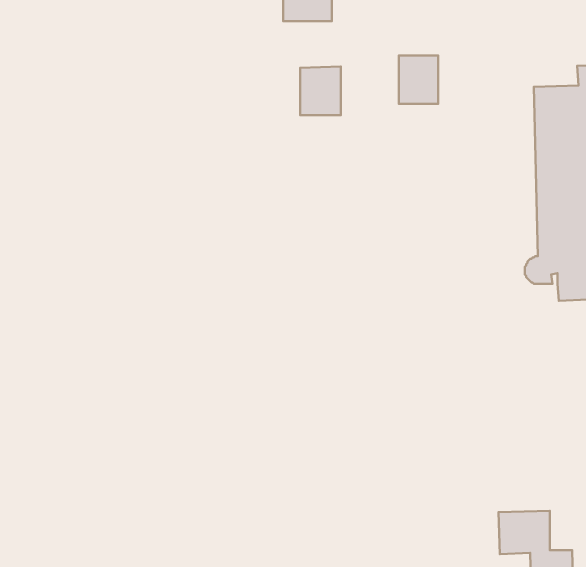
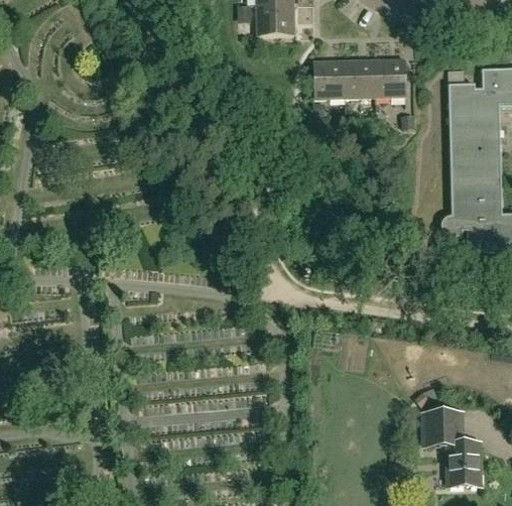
building: none -> [376,60,407,98]
building: [300,66,341,115] -> [314,60,346,98]

